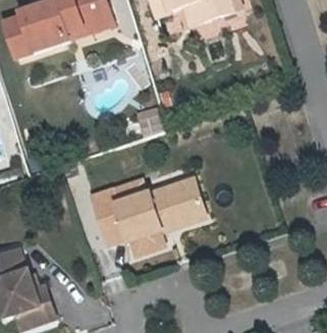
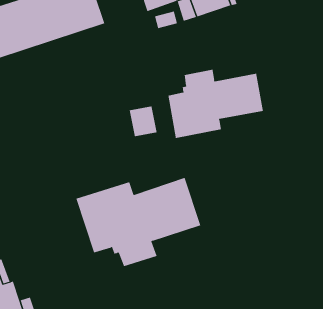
building: none -> [168,69,263,139]

